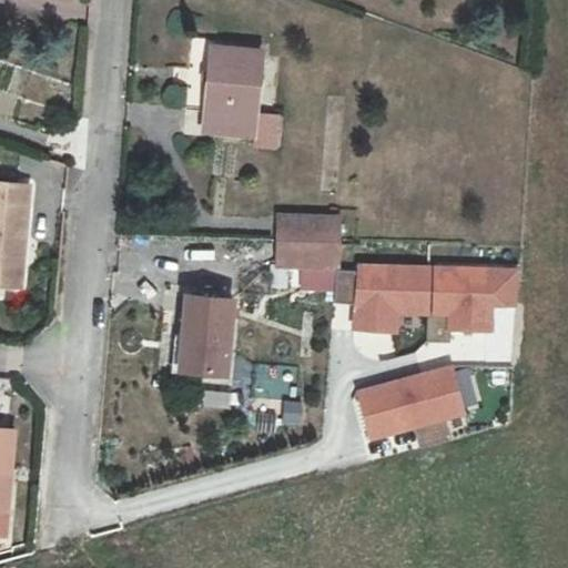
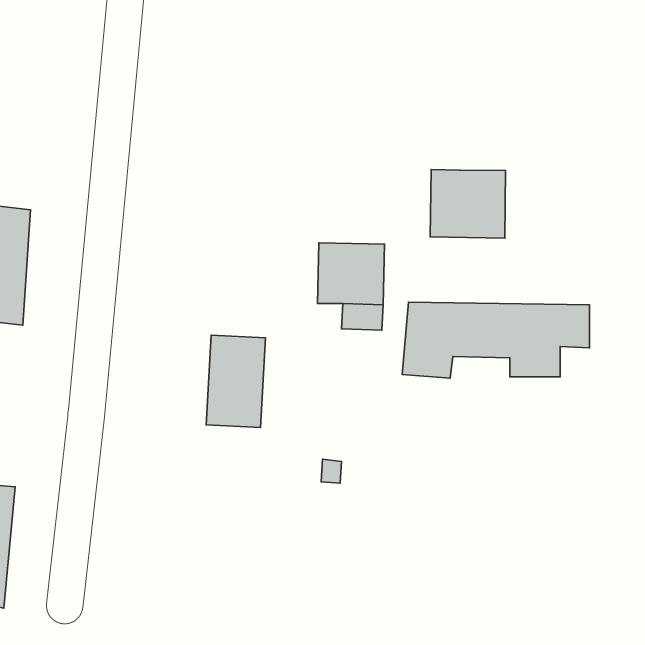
building: [204,43,280,146] -> none
building: none -> [430,169,506,238]
building: [357,366,464,439] -> none

